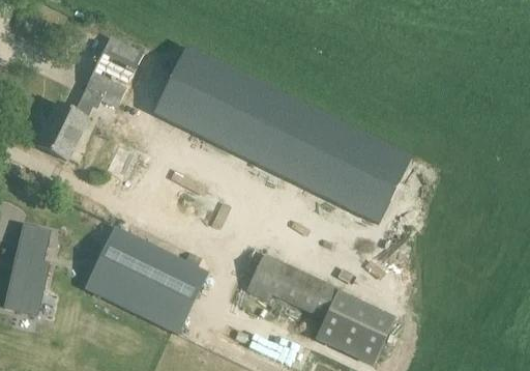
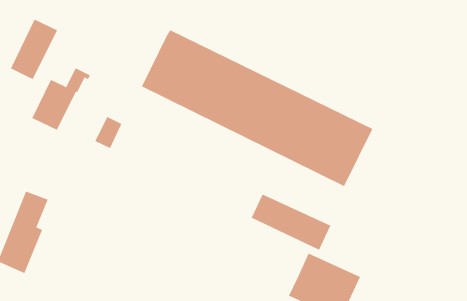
building: [85,36,137,103] -> [10,19,58,80]
building: [85,226,209,334] -> none
building: [251,257,337,318] -> [251,194,331,250]

